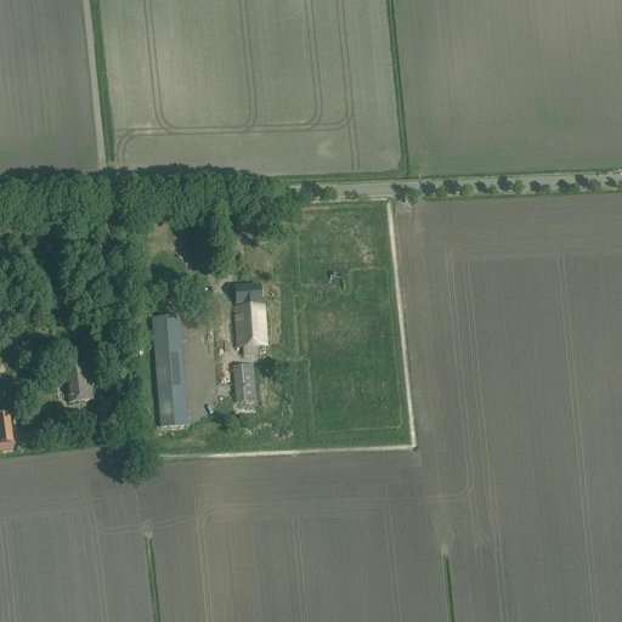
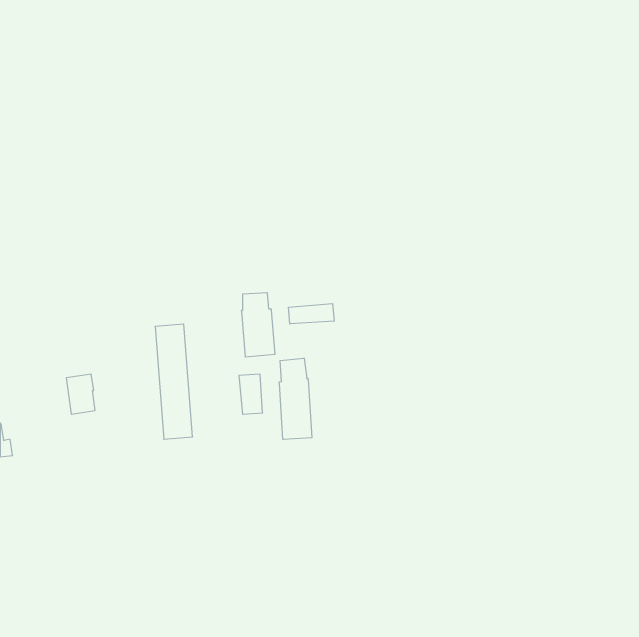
building: none -> [289,304,334,324]
building: none -> [279,358,312,440]

